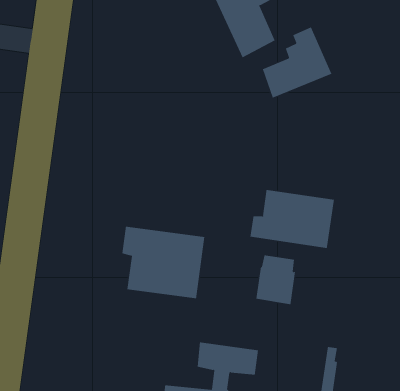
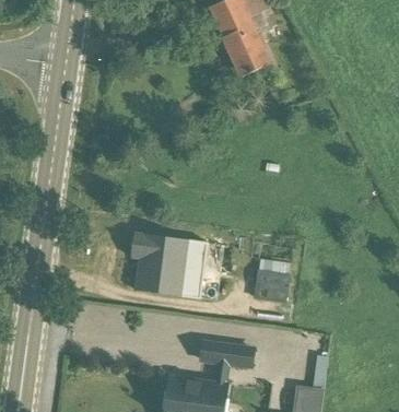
building: [262,27,332,98] -> none
building: [250,189,334,249] -> none

